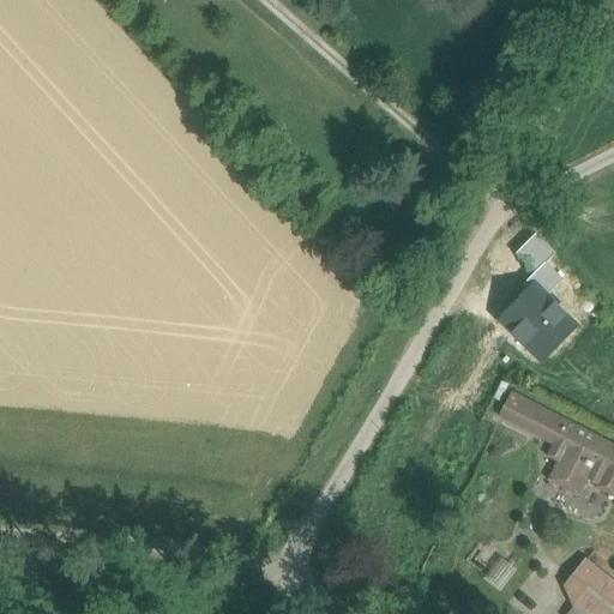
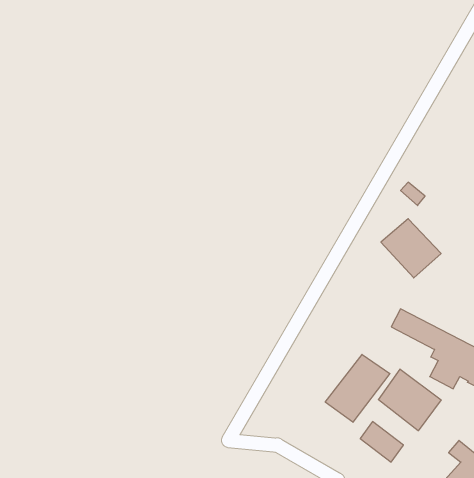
building: none -> [325,354,390,422]
building: none -> [378,369,441,431]

